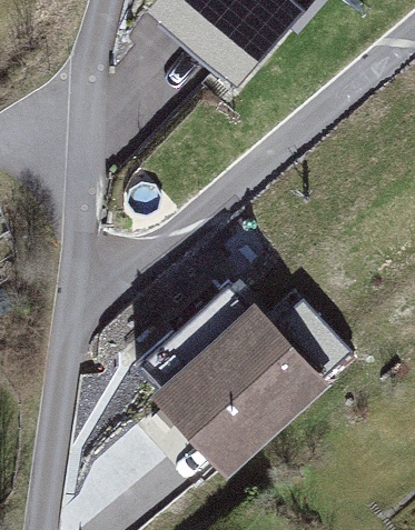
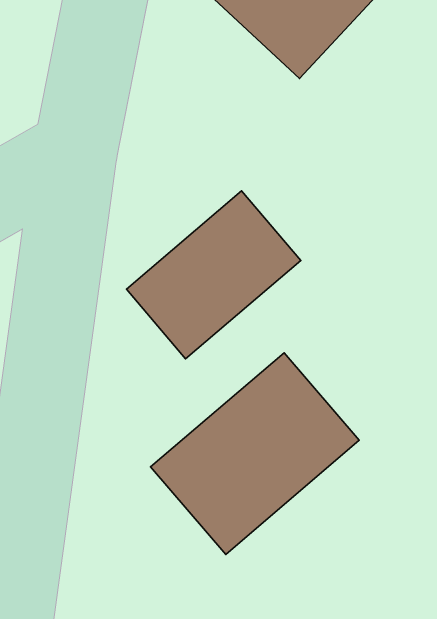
building: none -> [126,191,301,359]

